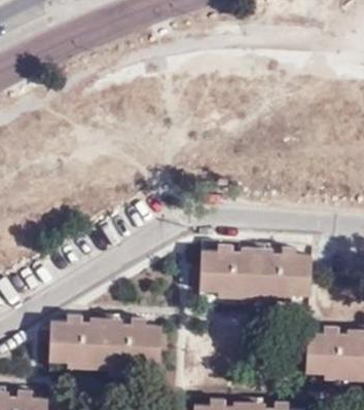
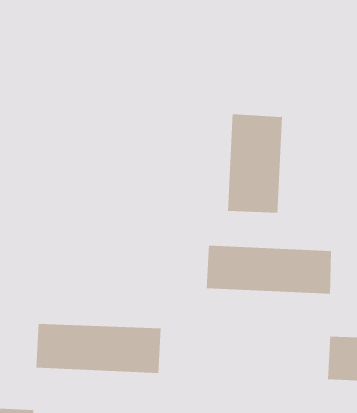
building: none -> [228,113,282,214]

